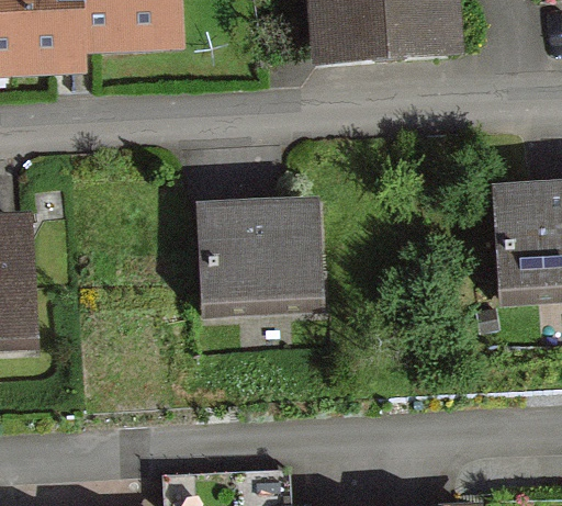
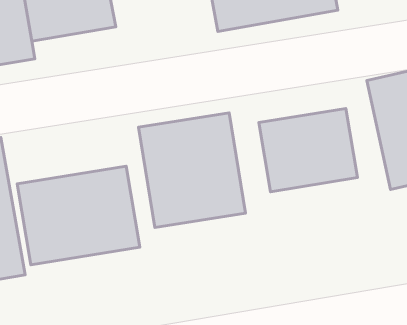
building: none -> [259,108,358,192]
building: none -> [17,166,140,265]

